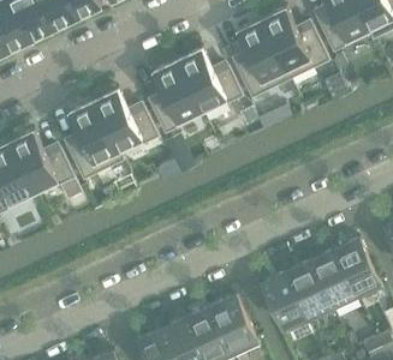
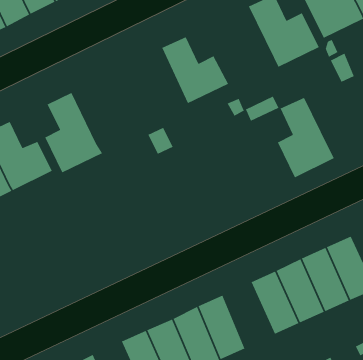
building: [233,20,288,98] -> [277,97,335,179]
building: [149,60,202,133] -> none
building: [91,90,157,161] -> none

